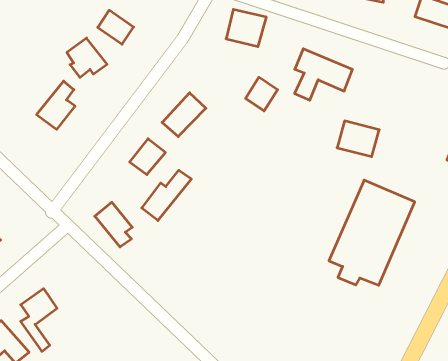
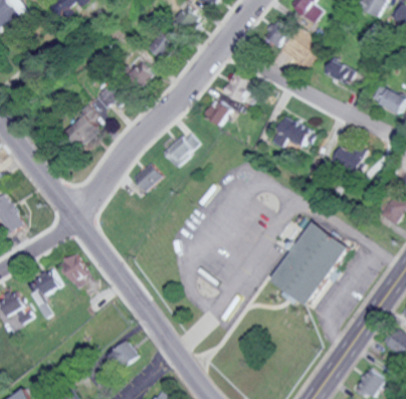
building: [246,77,278,111] -> [203,98,229,126]
building: [337,121,379,157] -> [332,143,367,174]
building: [142,170,191,221] -> none
building: [95,202,132,247] -> [56,252,84,288]

